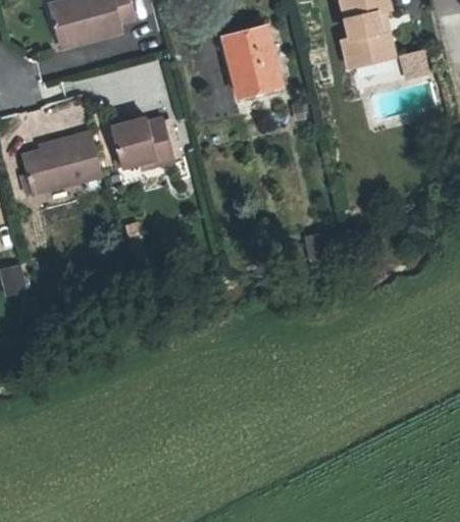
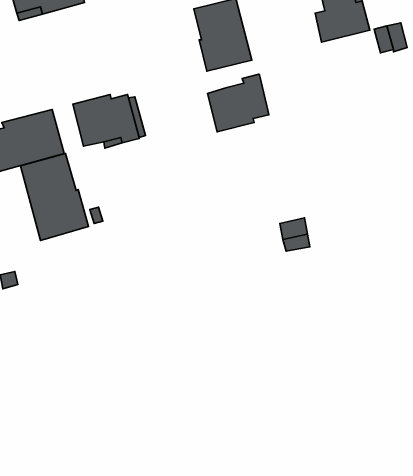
building: none -> [207,74,269,132]
building: none -> [21,154,89,240]

